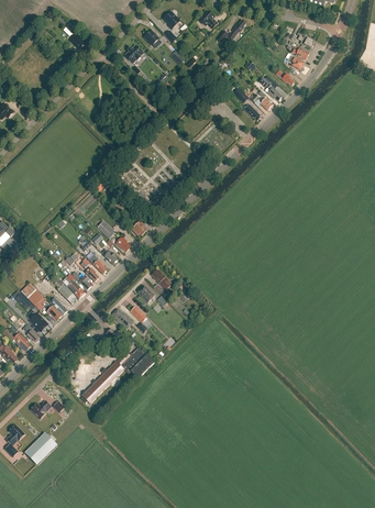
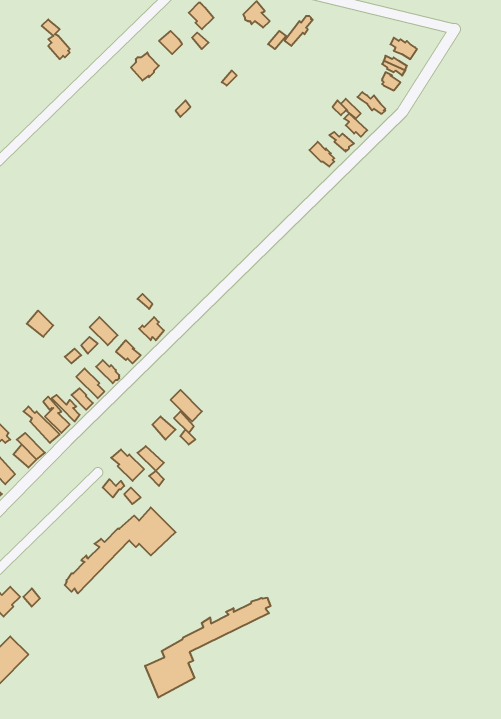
building: none -> [145,598,271,698]

